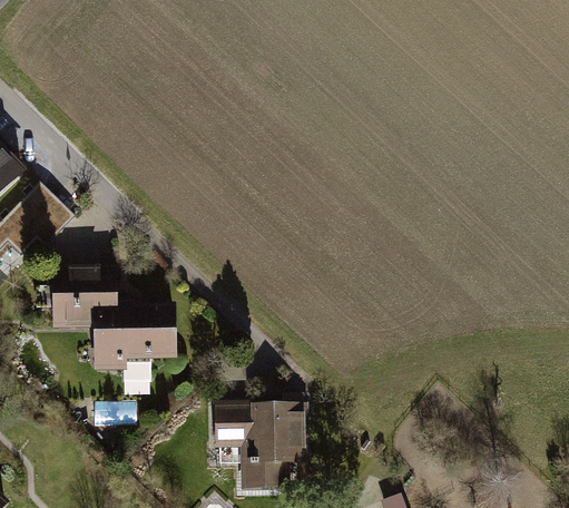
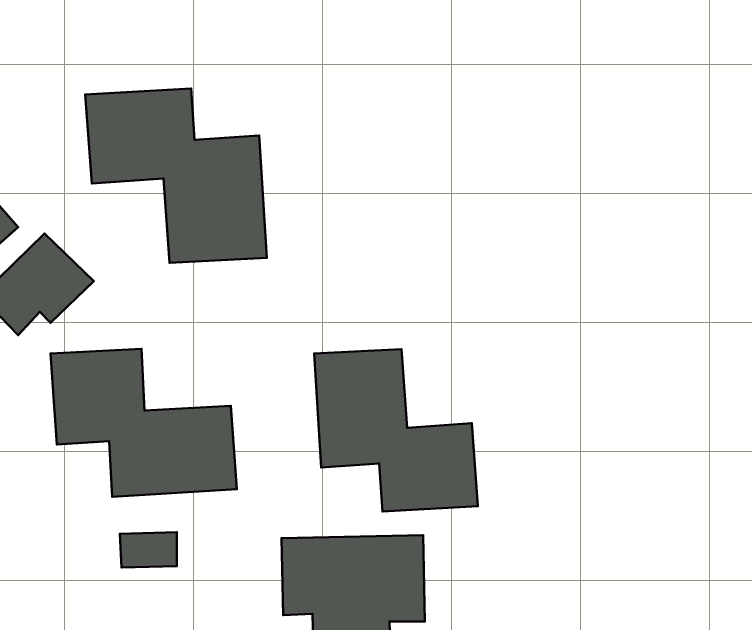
building: none -> [85,89,267,263]
building: none -> [314,349,478,511]

